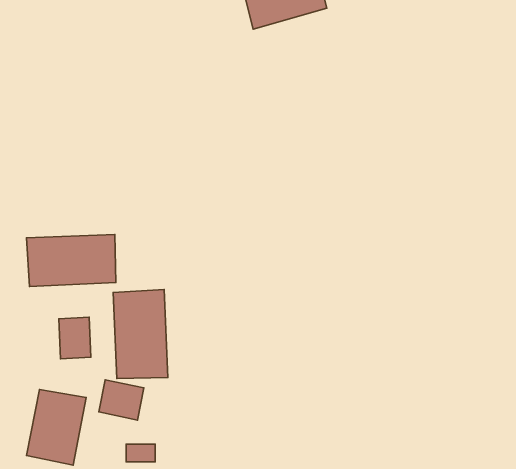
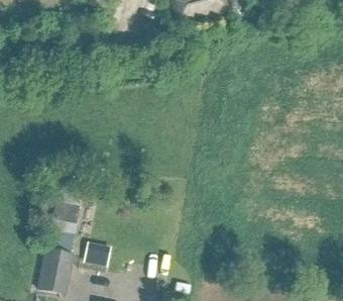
building: [27,234,116,286] -> none
building: [113,290,168,378] -> none

